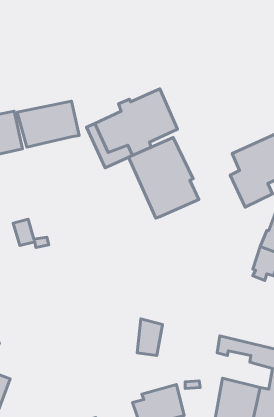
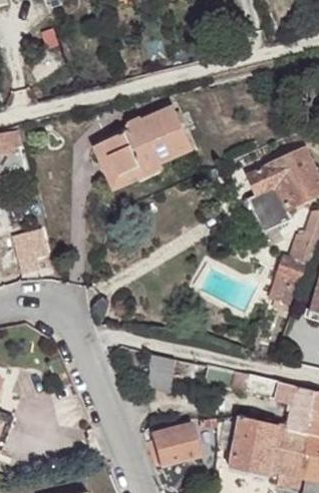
building: [17,101,79,147] -> none
building: [129,137,199,218] -> none

